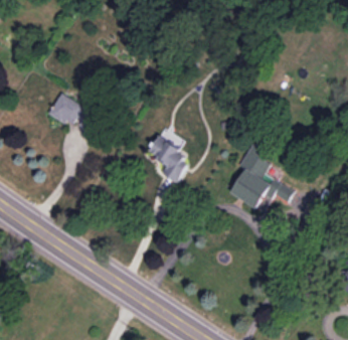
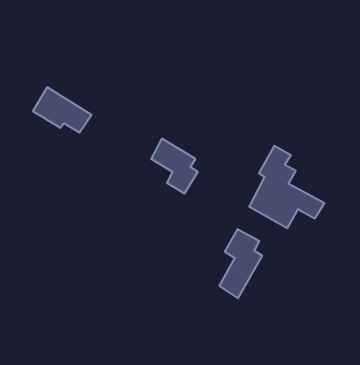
building: none -> [219,229,262,298]

